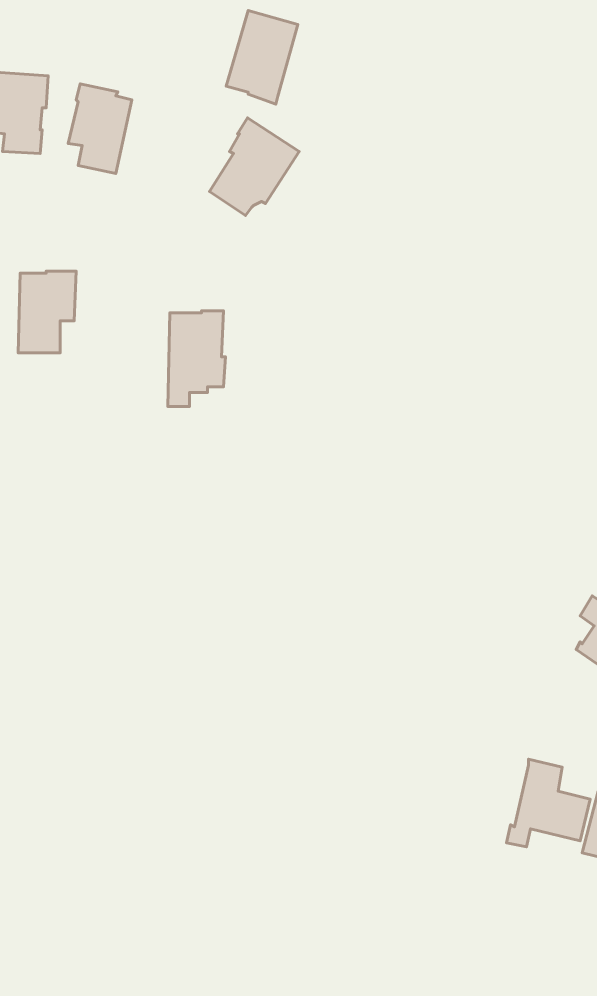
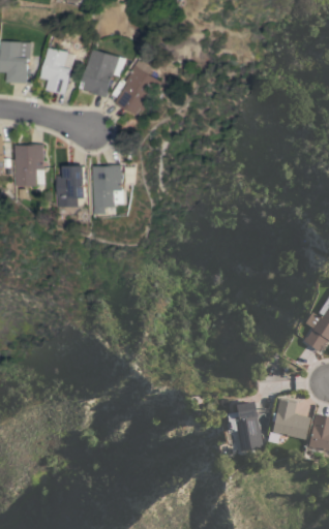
building: [226,10,298,104] -> [80,50,117,98]
building: none -> [57,166,85,208]
building: none -> [227,402,264,452]

